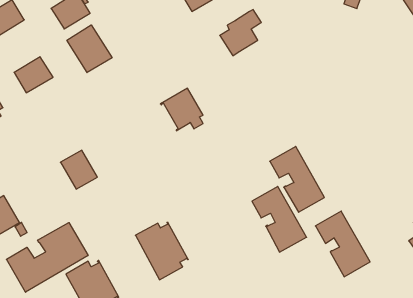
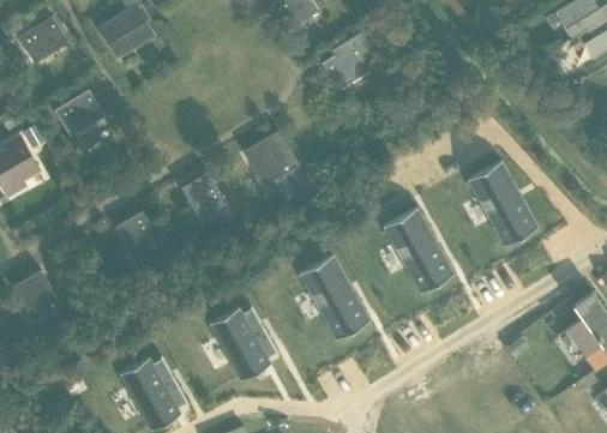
building: [67,25,112,73] -> none
building: none -> [181,174,228,223]
building: [252,186,307,252] -> [301,254,372,339]
building: [315,211,370,277] -> [469,161,540,246]
building: [6,223,88,292] -> none

